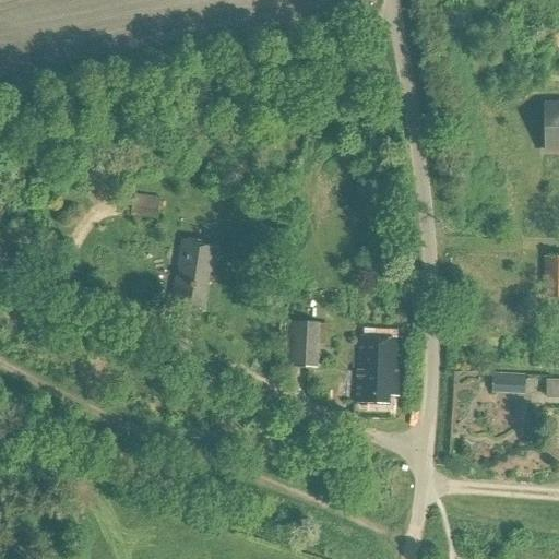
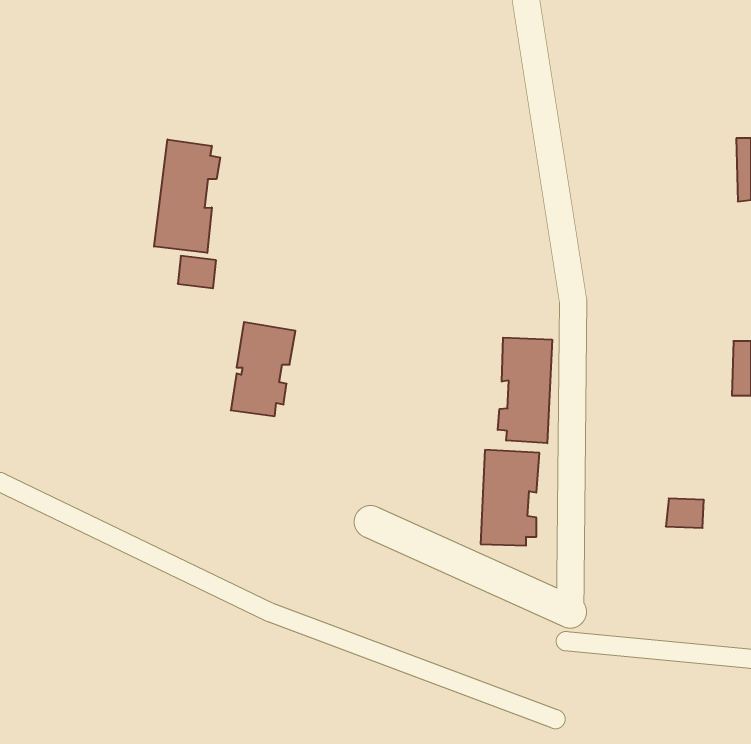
building: none -> [154,139,220,253]
building: none -> [498,338,552,443]
building: [287,318,322,365] -> none

